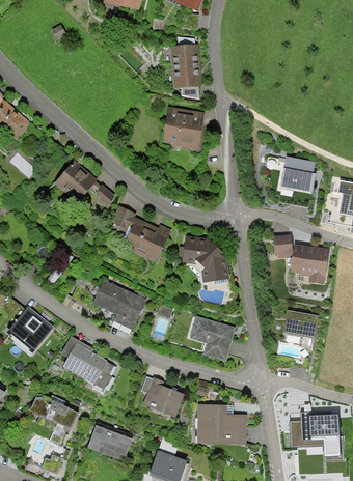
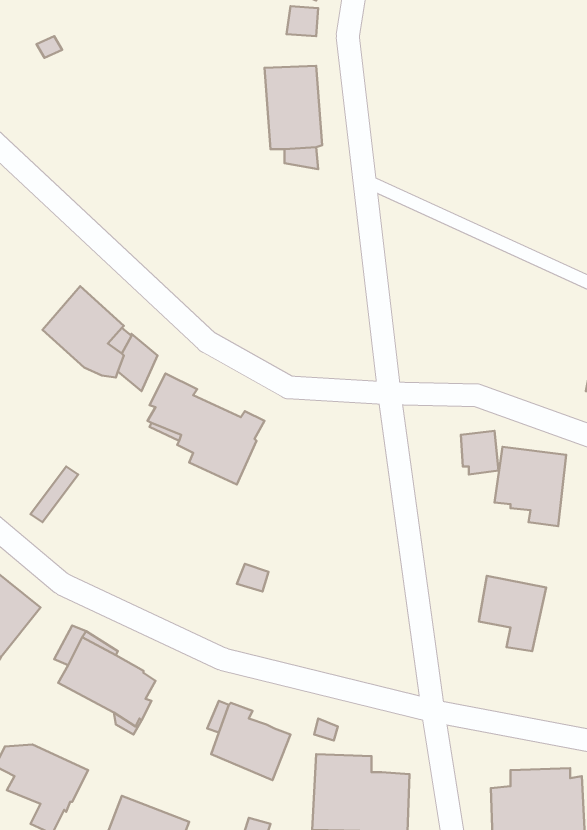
building: [162,106,203,149] -> none
building: [280,155,317,193] -> none
building: [178,235,228,282] -> none
building: [91,278,147,330] -> none
building: [189,315,235,360] -> none

